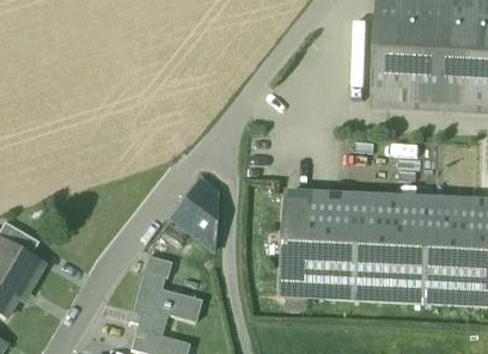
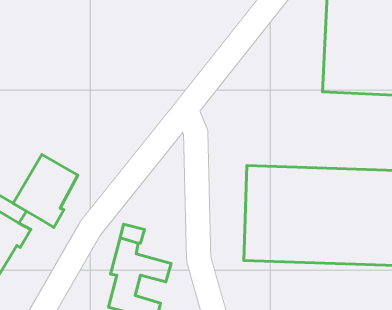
building: none -> [13,154,78,227]
building: [171,179,218,251] -> none

